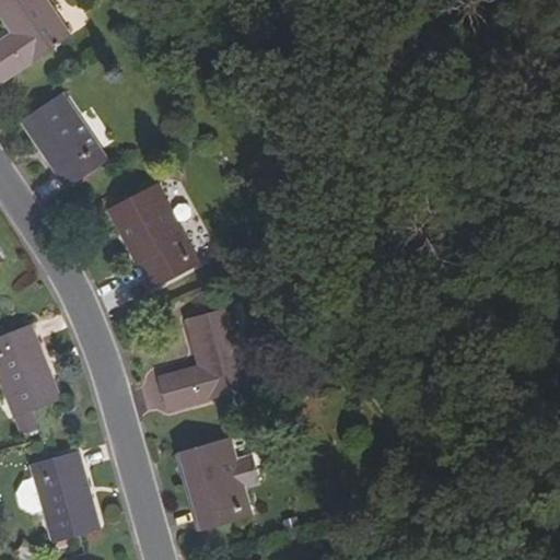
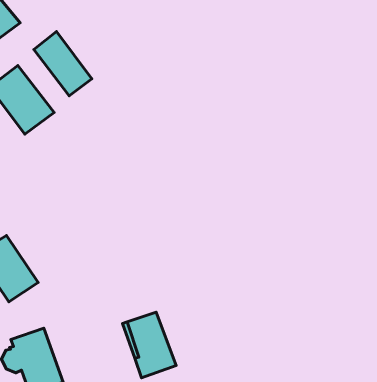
building: none -> [34,32,92,96]
building: [108,175,200,277] -> none
building: [158,306,250,408] -> none

